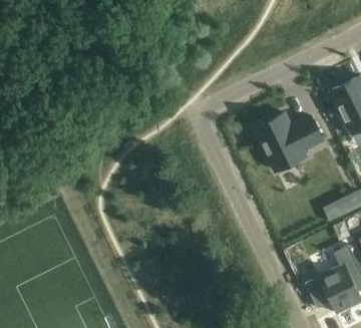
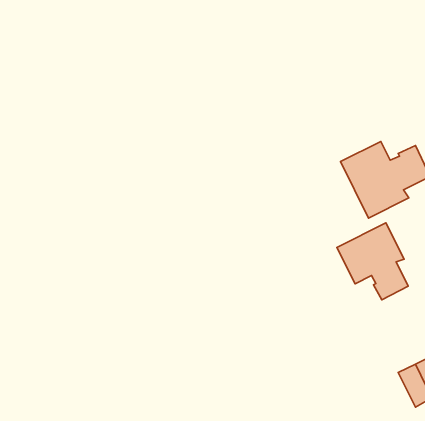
building: none -> [337,223,408,300]

